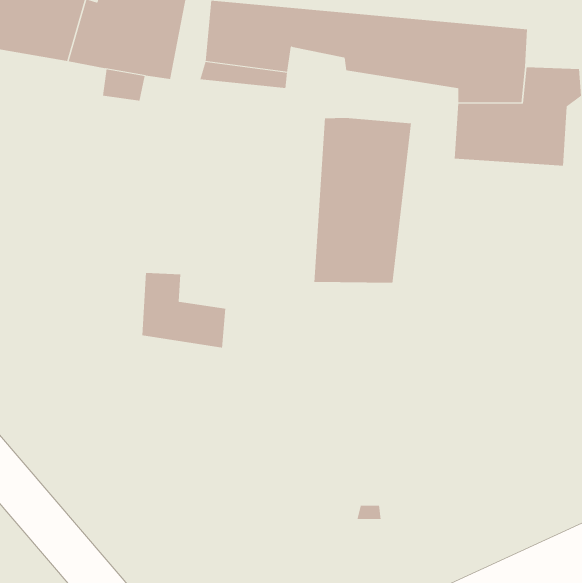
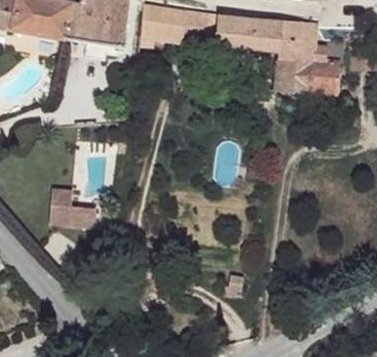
building: [314,117,411,283] -> none
building: [142,272,226,348] -> [49,189,96,231]

